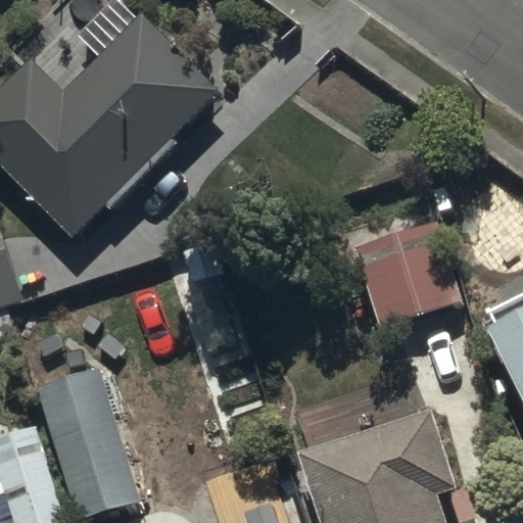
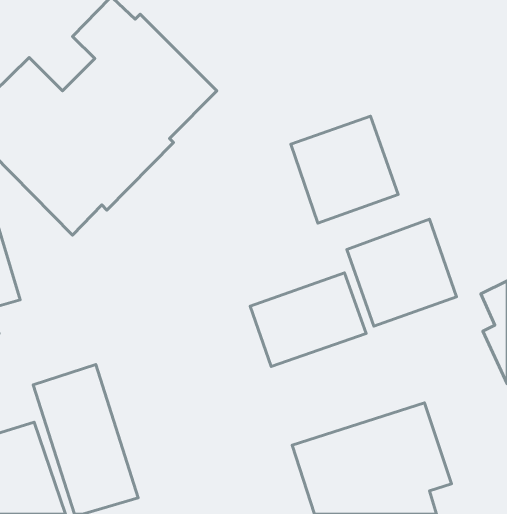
building: none -> [291,116,398,223]
building: none -> [250,273,366,367]

